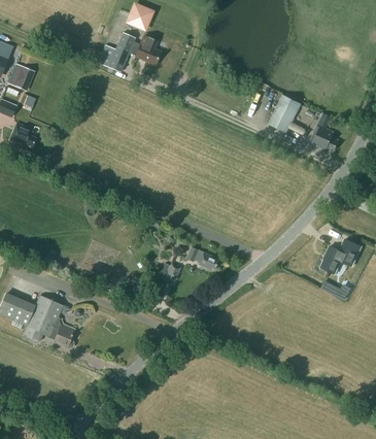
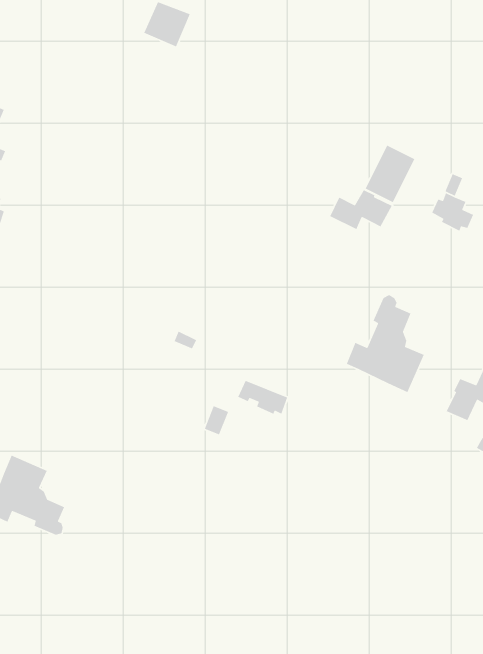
building: [97,33,161,72] -> none
building: none -> [329,189,393,230]
building: none -> [346,294,425,393]

